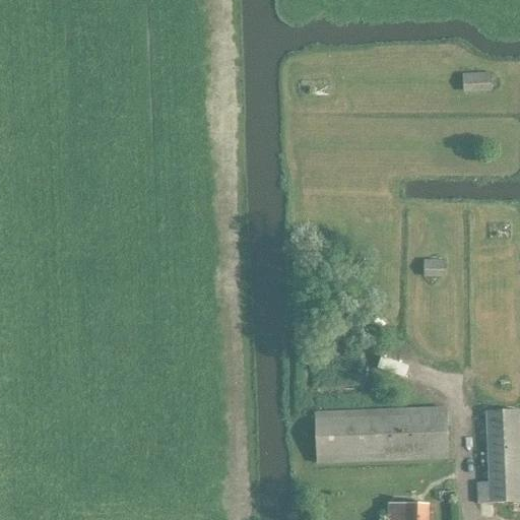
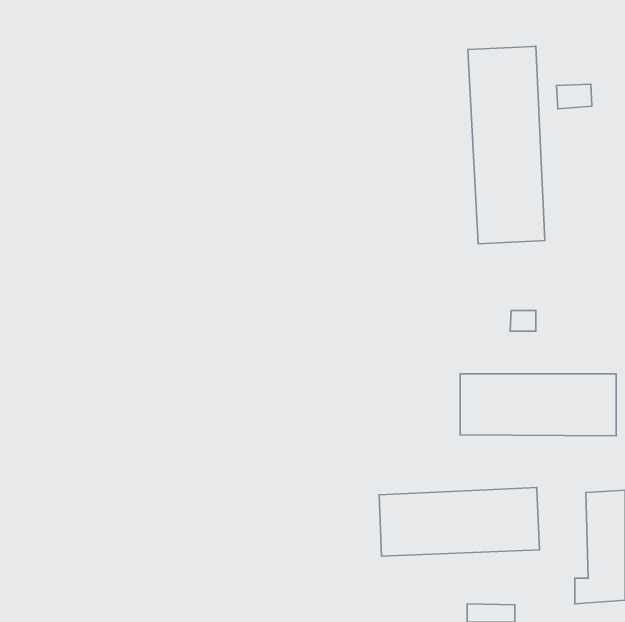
building: none -> [468,46,545,244]
building: none -> [460,374,616,436]

